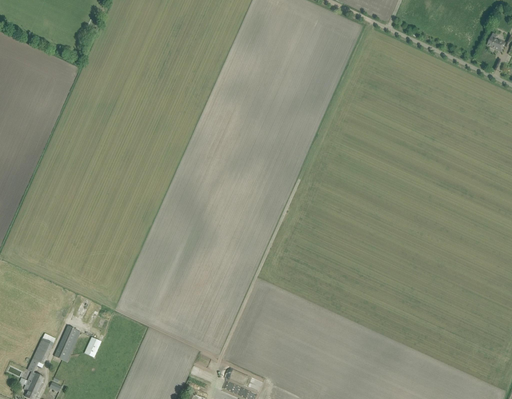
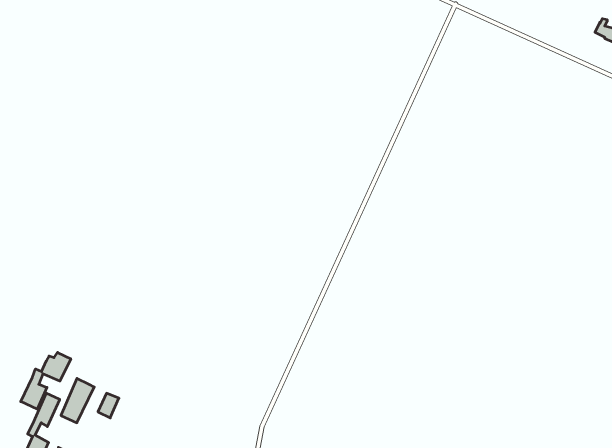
building: none -> [21,352,71,409]

